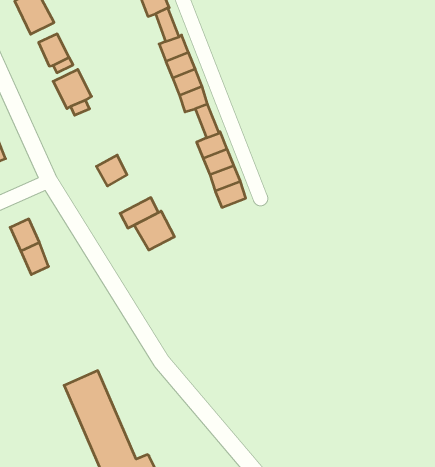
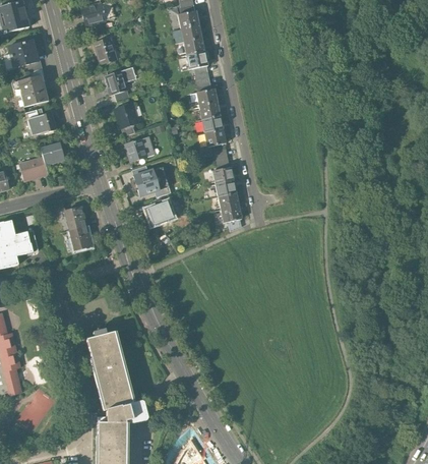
building: none -> [124,135,156,161]
building: [134,211,174,250] -> none

